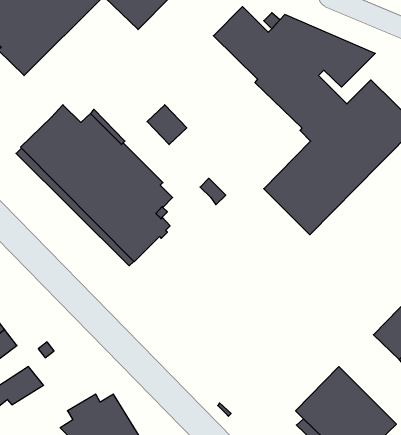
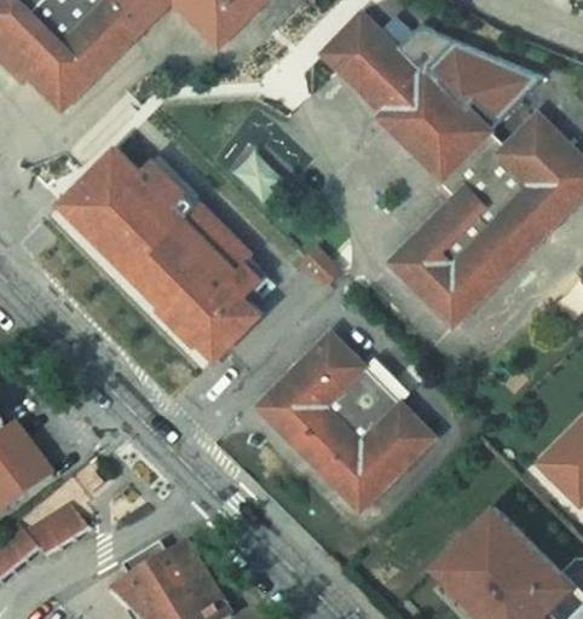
building: none -> [258,332,433,508]

